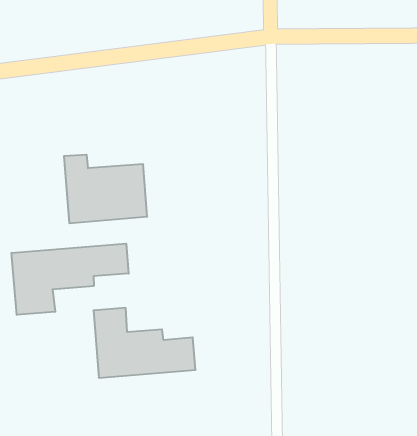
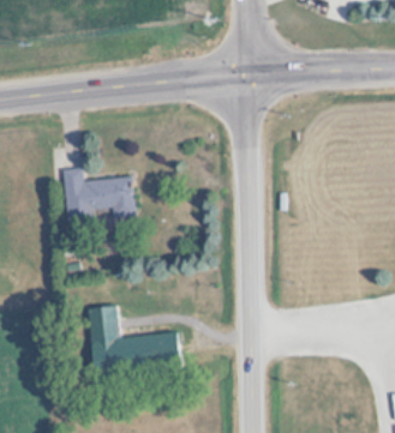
building: [12,244,129,315] -> none

